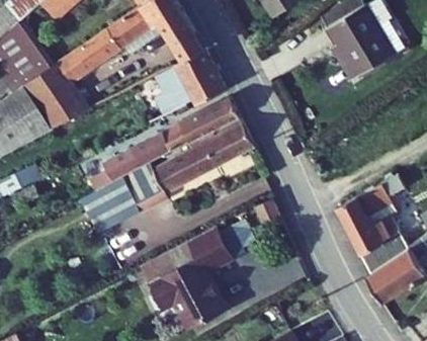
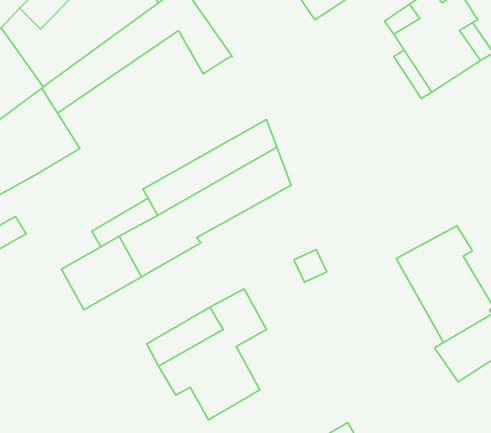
building: [150,46,223,117] -> none

